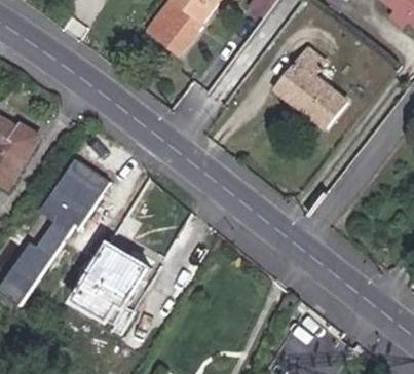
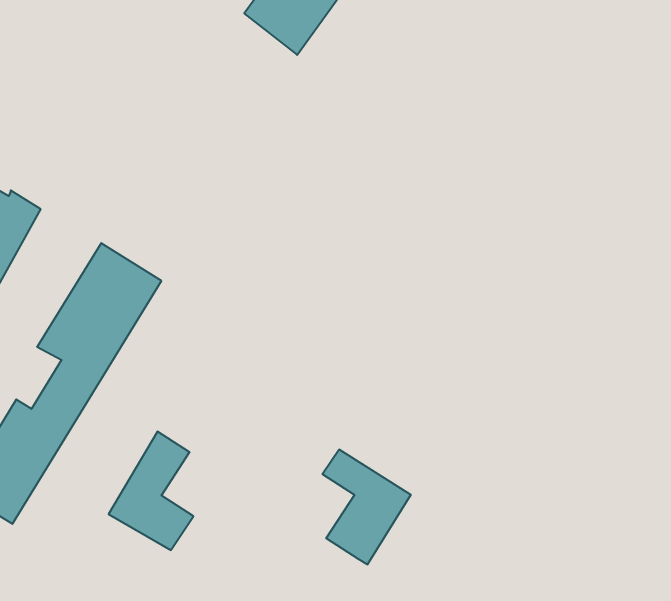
building: [275,48,347,129] -> none
building: [102,245,150,307] -> [322,450,411,564]

